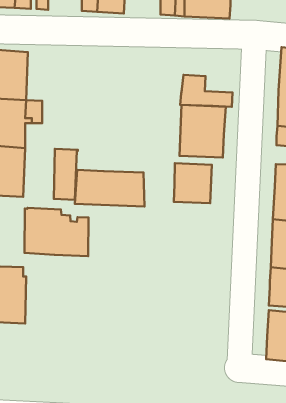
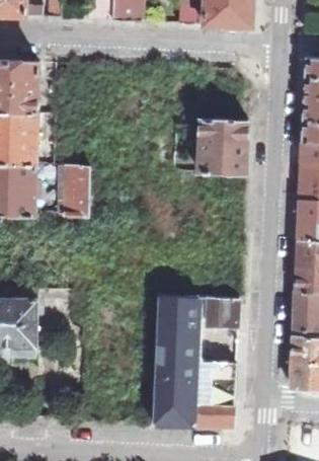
building: [180,75,233,107] -> none
building: [174,163,212,203] -> none
building: [75,170,144,207] -> none
building: [25,208,89,256] -> none
building: none -> [153,295,239,427]

